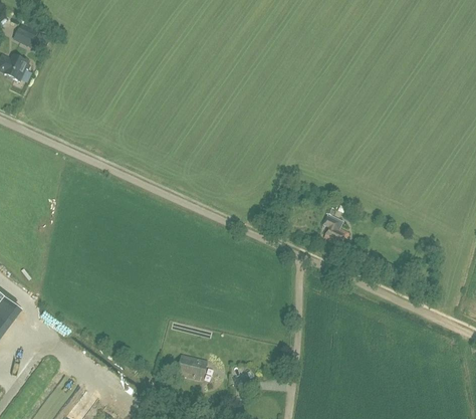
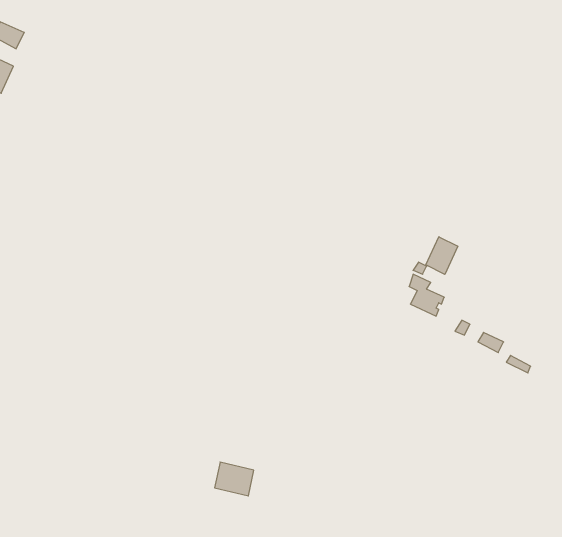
building: none -> [426,237,458,274]

